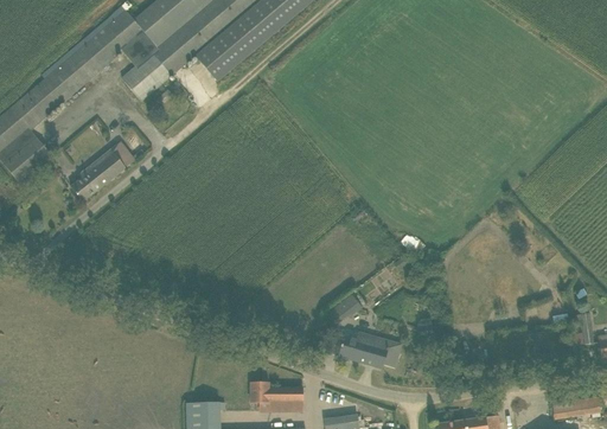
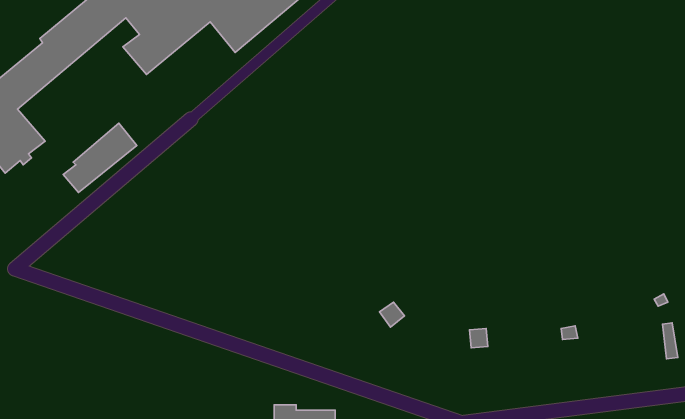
building: [338,329,402,367] -> none

